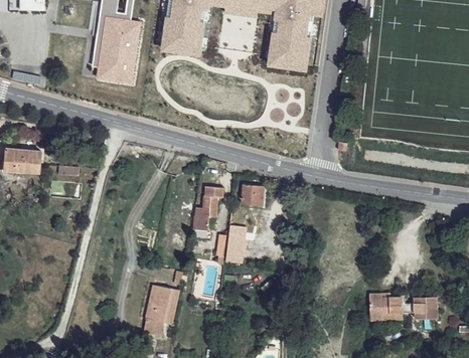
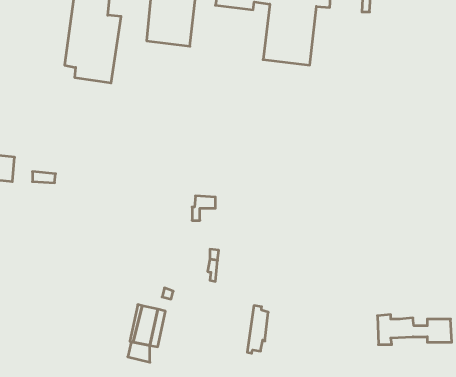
building: [242,185,265,205] -> none
building: [193,197,218,230] -> none
building: [225,220,245,263] -> [247,306,268,353]

